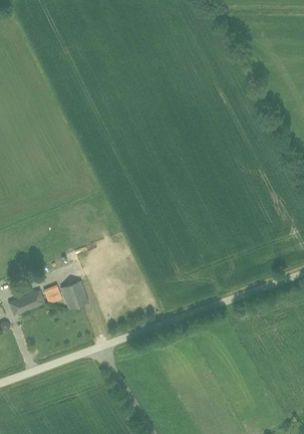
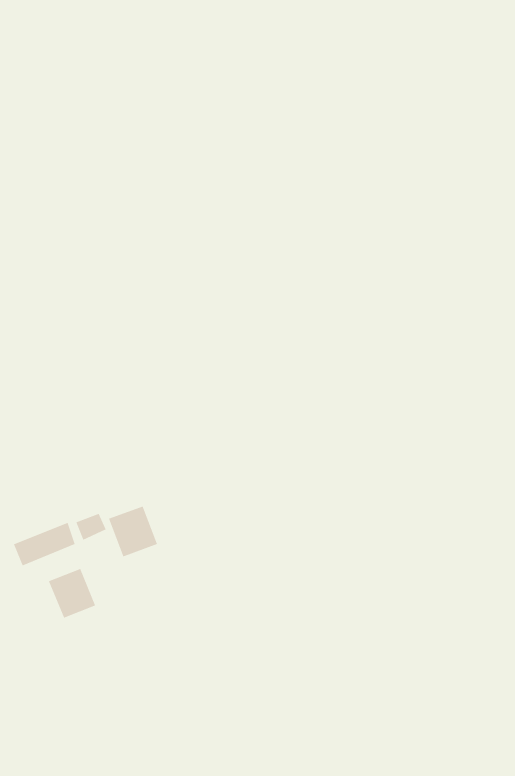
building: none -> [48,568,96,619]

